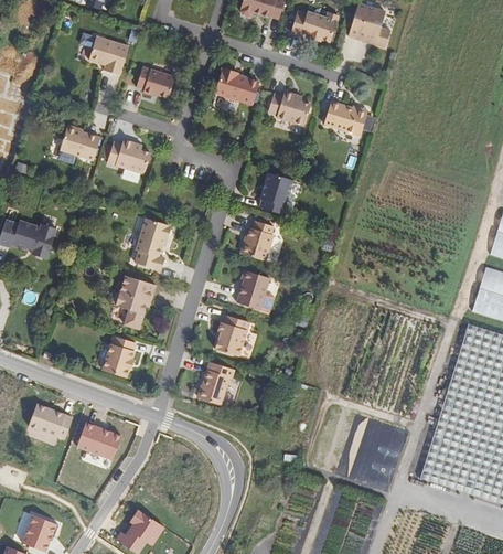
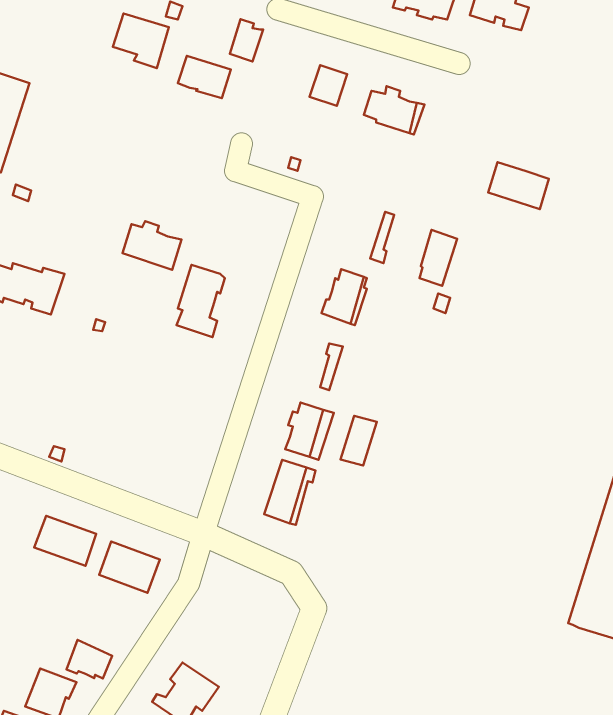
building: [214,64,238,95] -> [230,19,263,61]
building: [325,97,370,131] -> [488,162,549,209]
building: [58,125,99,159] -> none
building: [106,139,149,174] -> [122,221,181,270]
building: [258,172,286,213] -> [419,230,457,286]
building: [111,274,154,328] -> none
building: [245,277,271,313] -> [340,416,377,466]
building: [103,337,136,377] -> none
building: none -> [67,640,112,679]

